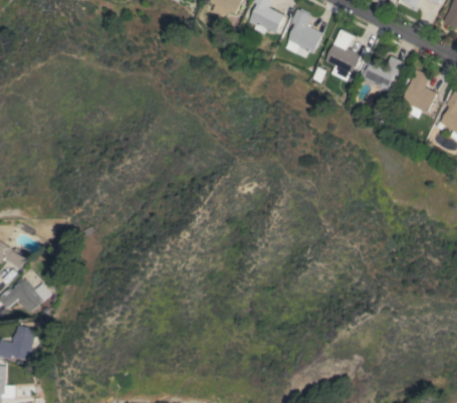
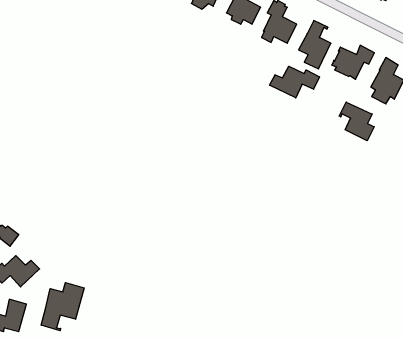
building: none -> [270,66,319,98]
building: none -> [339,102,374,141]
building: none -> [41,283,84,331]

